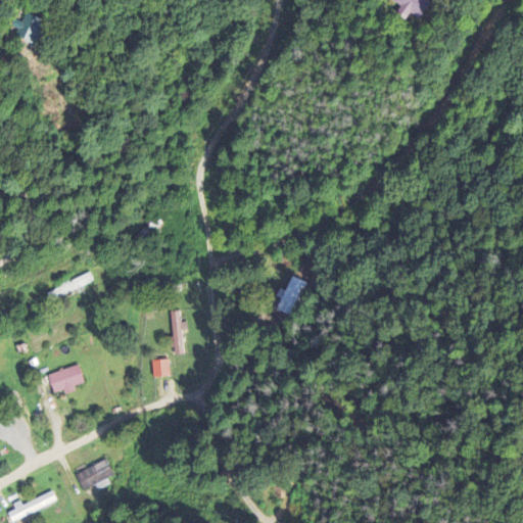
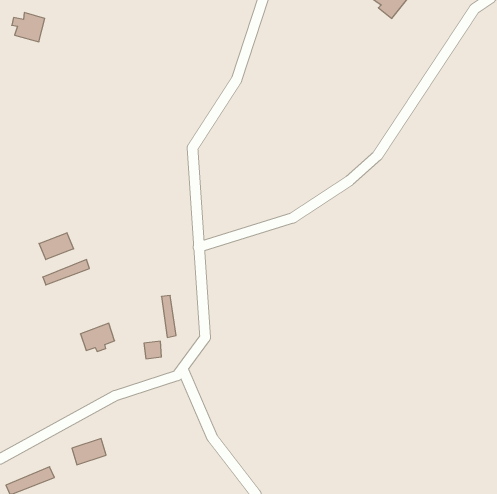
building: none -> [39,233,74,260]
building: [278,276,305,316] -> none
building: [48,364,84,393] -> [80,323,115,351]

